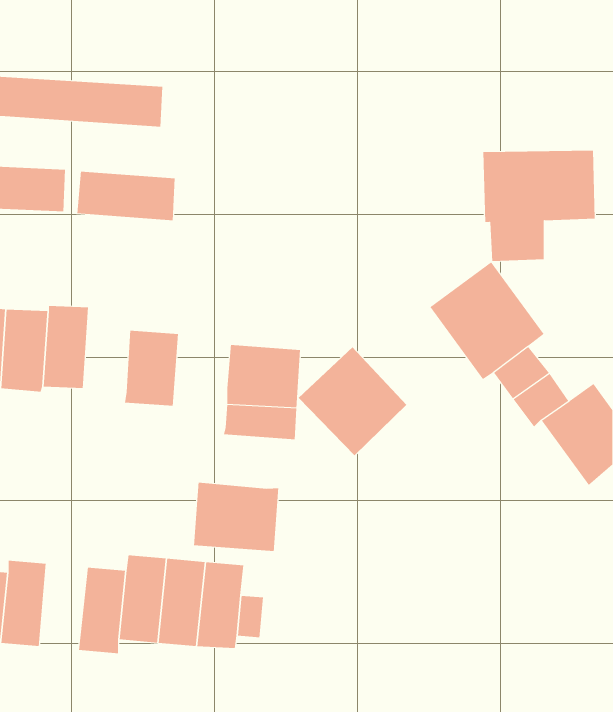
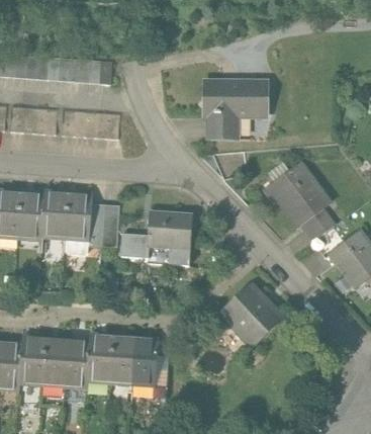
building: [483,150,596,261] -> [203,82,268,146]
building: none -> [67,189,94,238]
building: [298,347,407,456] -> [220,281,283,344]
building: none -> [121,234,149,258]
building: [194,482,279,552] -> none
building: none -> [41,336,69,385]

